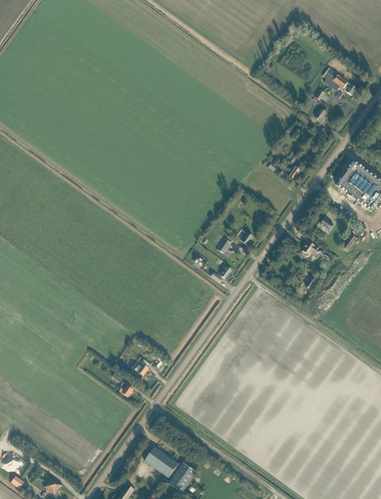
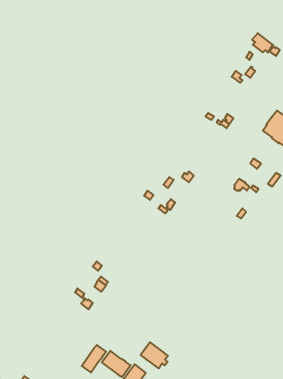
building: none -> [141,342,168,368]
building: none -> [82,345,106,373]

